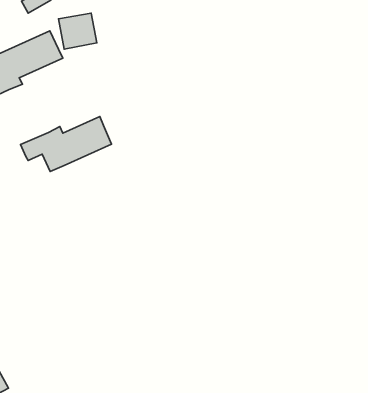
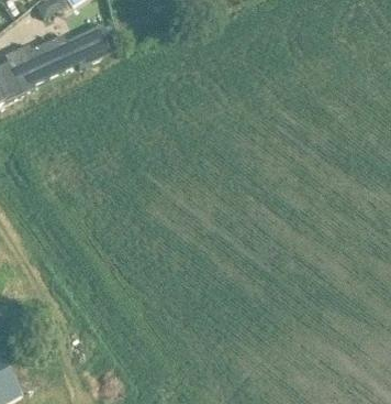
building: [20,116,112,172] -> none

